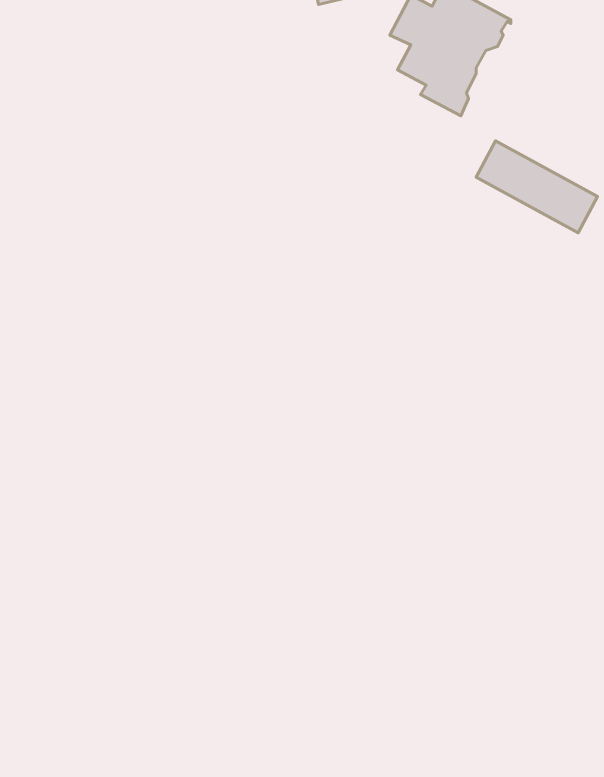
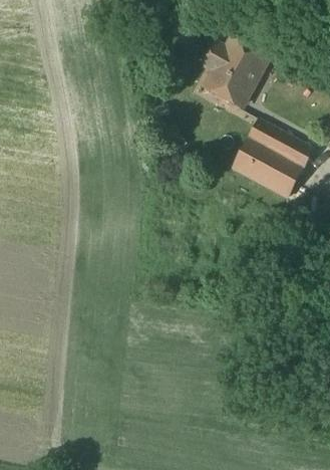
building: none -> [234,140,303,197]

